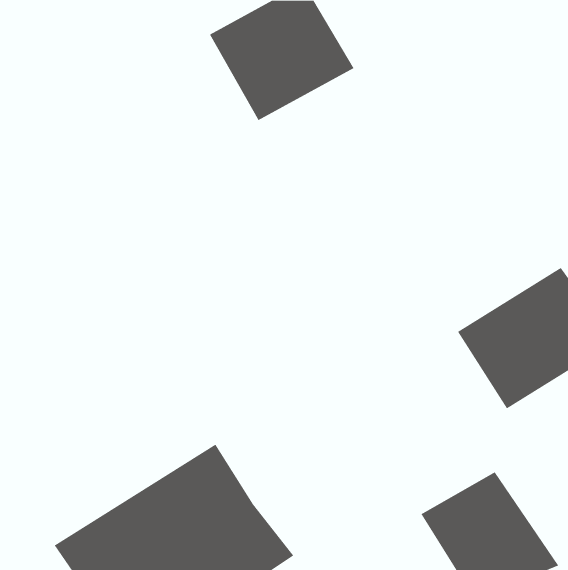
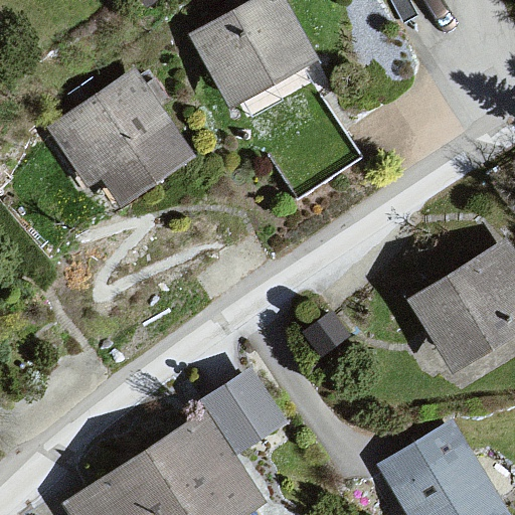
building: none -> [45,70,201,215]
building: none -> [197,365,287,455]

